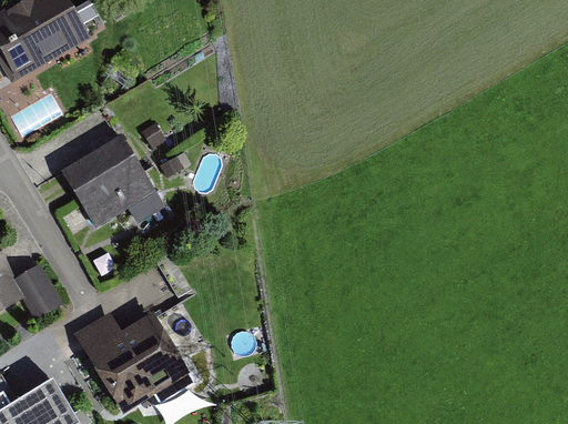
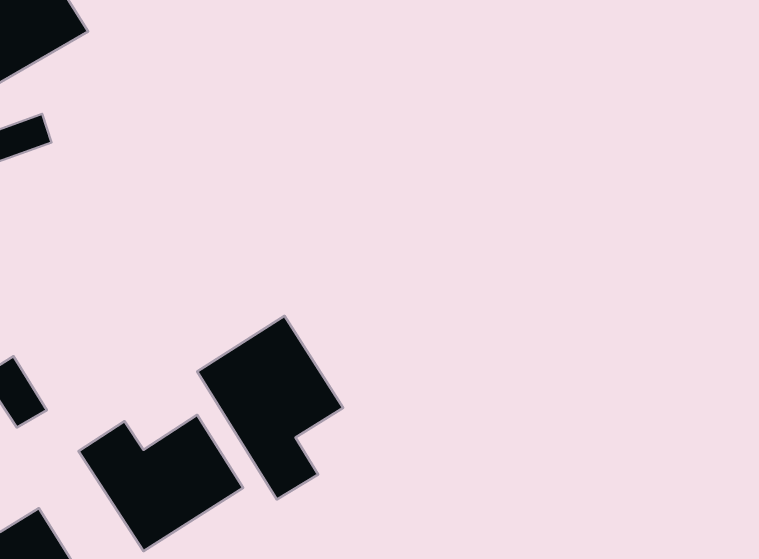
building: [58,137,165,228] -> none
building: none -> [197,316,343,500]

